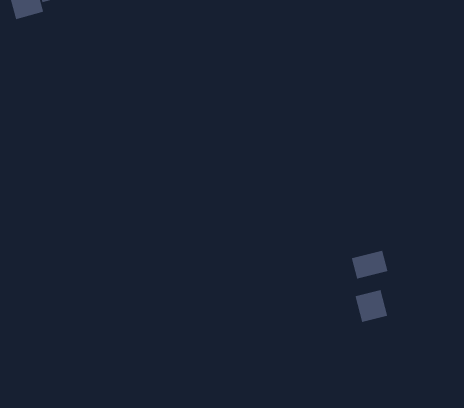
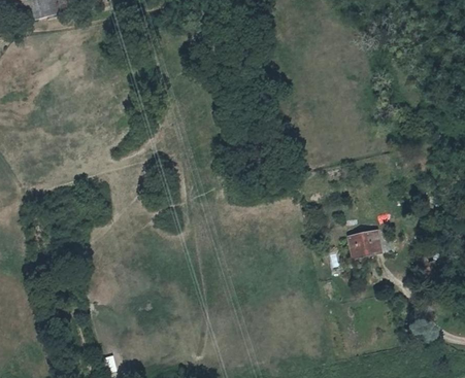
building: [355,289,388,323] -> none

